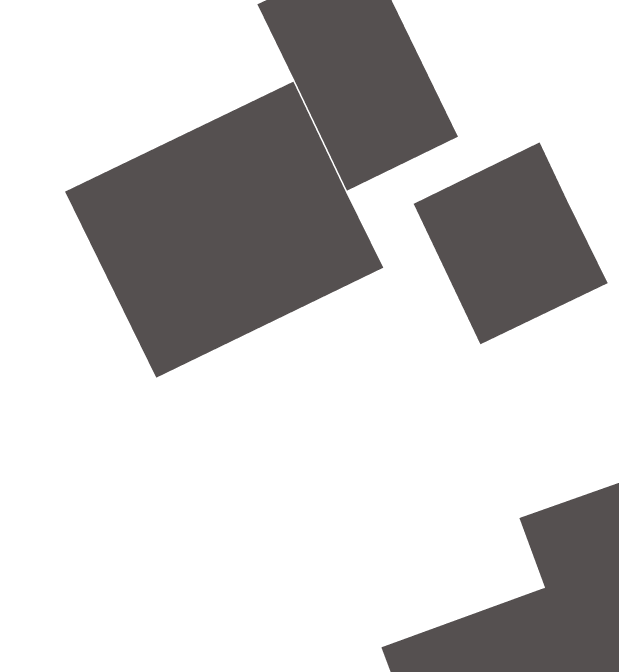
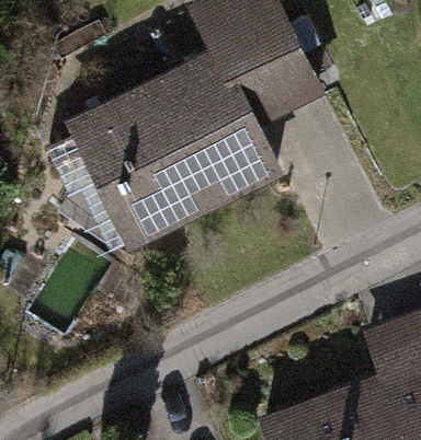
building: [413,141,609,345] -> none

